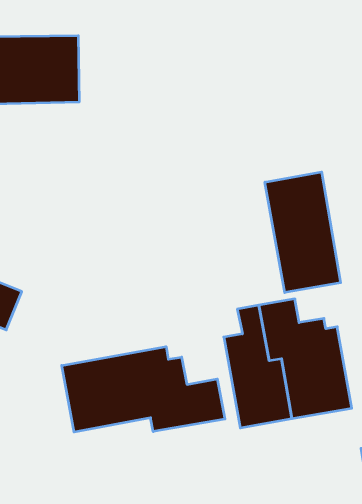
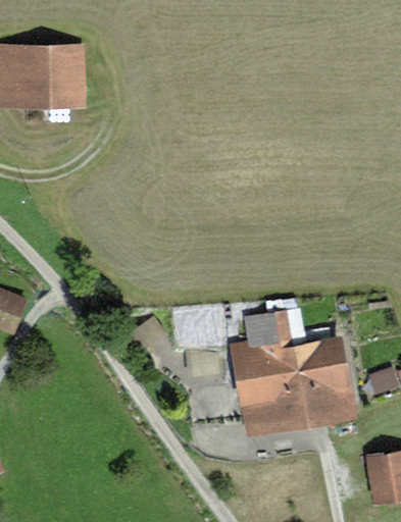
building: [265,172,341,293] -> none
building: [62,347,225,432] -> none

